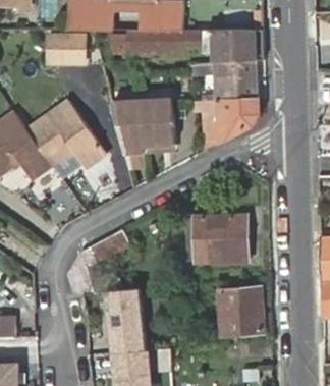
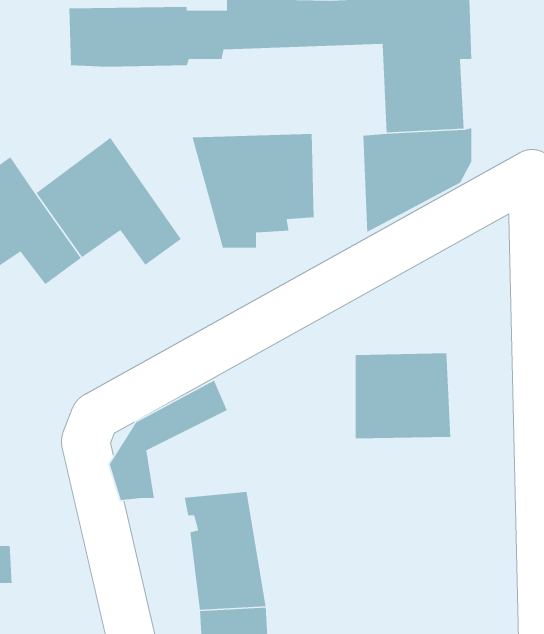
building: [220,289,265,333] -> none

